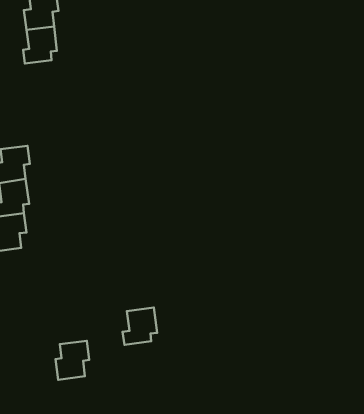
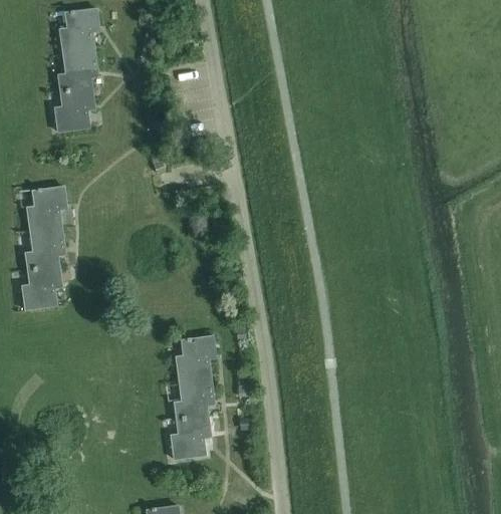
building: none -> [54,87,94,132]
building: none -> [176,335,215,378]
building: [56,341,89,380] -> [171,414,210,459]

